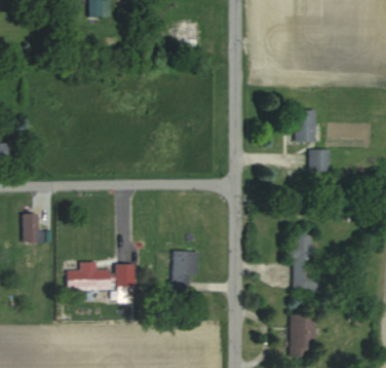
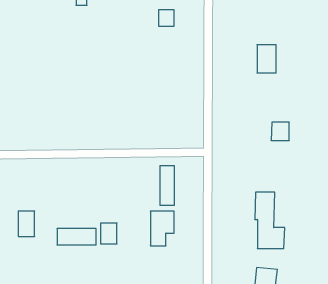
building: [295,110,316,142] -> [257,45,276,73]
building: none -> [160,166,174,205]
building: [23,214,41,243] -> [18,211,35,236]

